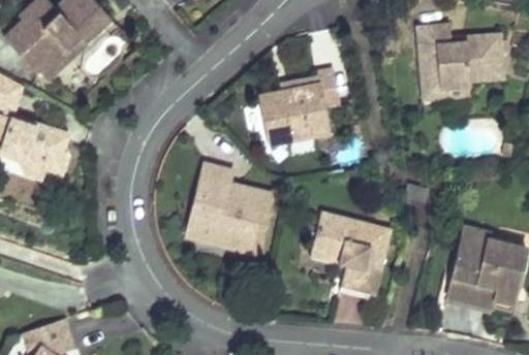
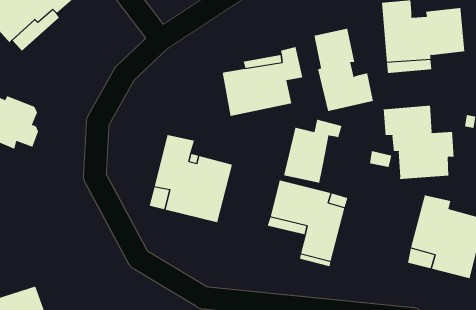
building: none -> [314,28,374,112]
building: none -> [383,105,454,180]
building: none -> [283,119,342,184]

